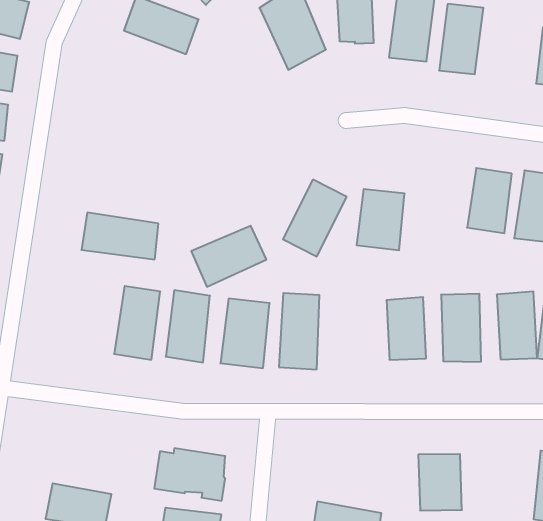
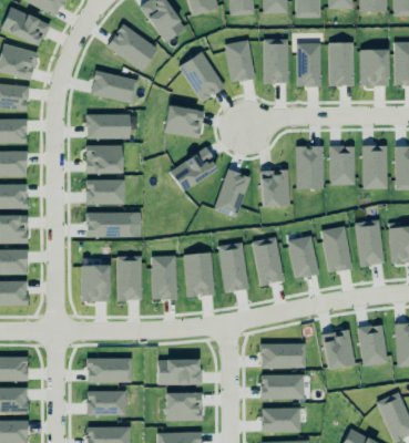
building: none -> [329,43,354,86]
building: none -> [88,113,129,136]
building: none -> [163,105,204,138]
building: none -> [85,145,122,174]
building: none -> [296,146,324,189]
building: none -> [85,179,124,204]
building: [191,226,266,287] -> [170,148,218,192]
building: none -> [81,265,110,301]
building: none -> [254,238,282,285]
building: none -> [91,358,135,381]
building: none -> [360,323,389,363]
building: none -> [260,343,306,369]

